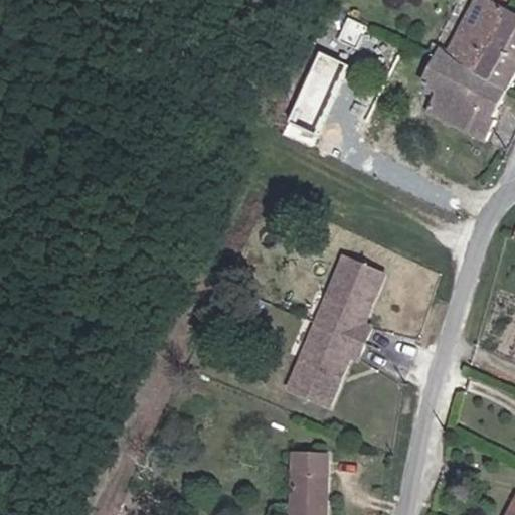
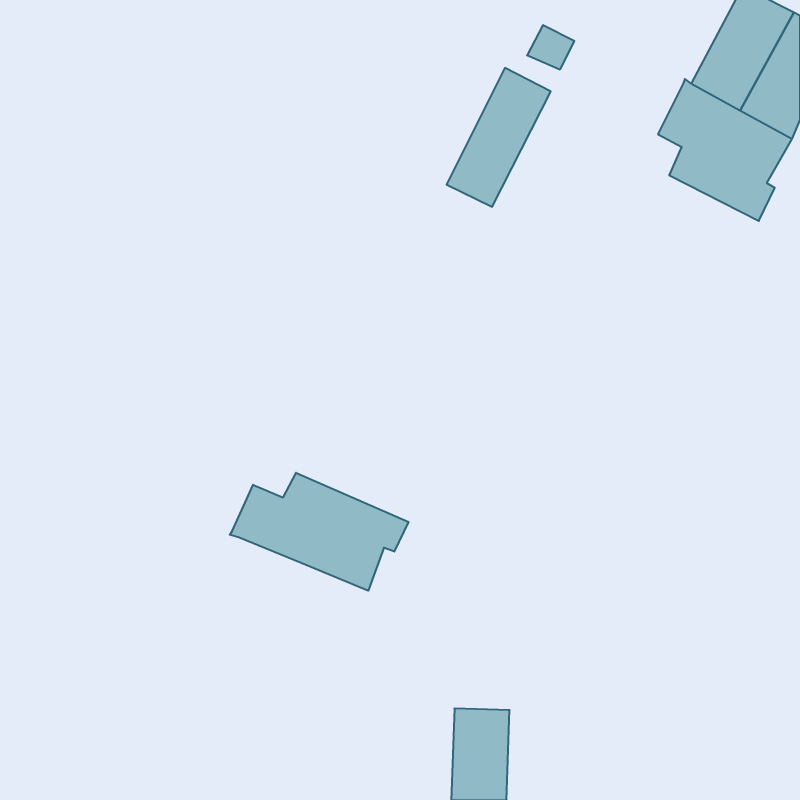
building: [296,259,383,400] -> none
building: none -> [230,473,409,591]

